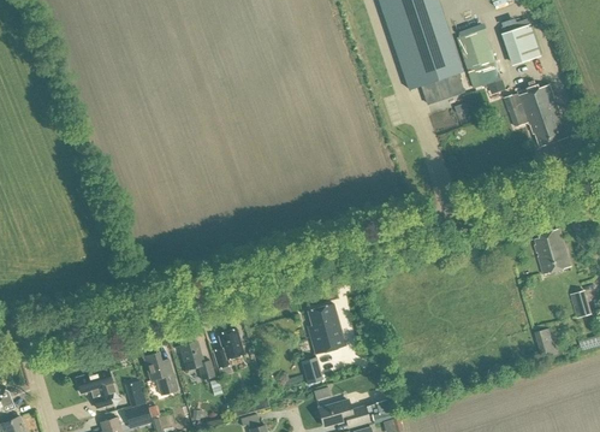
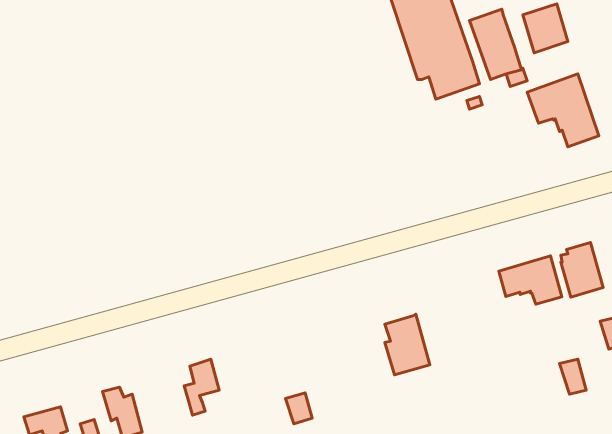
building: none -> [499,256,562,304]
building: [307,302,345,354] -> [385,314,430,375]
building: [179,339,214,379] -> none

